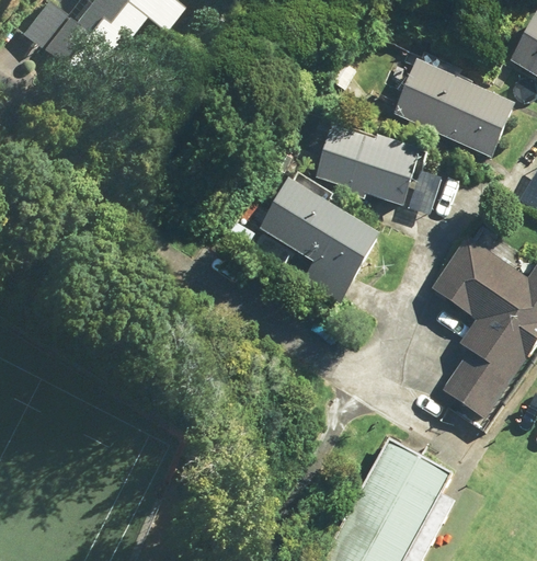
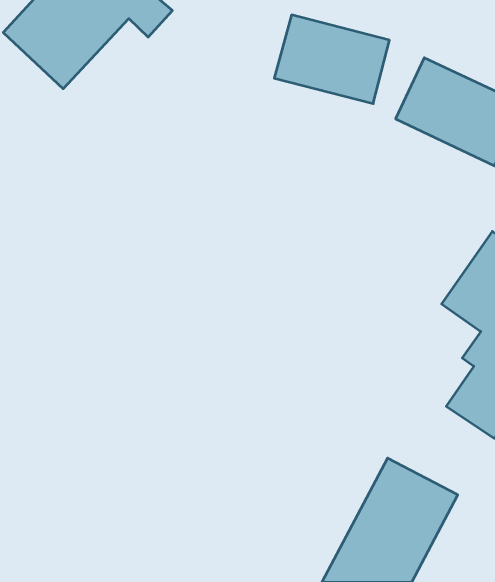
building: [316,122,425,206] -> [274,15,389,104]
building: [255,173,384,309] -> none

